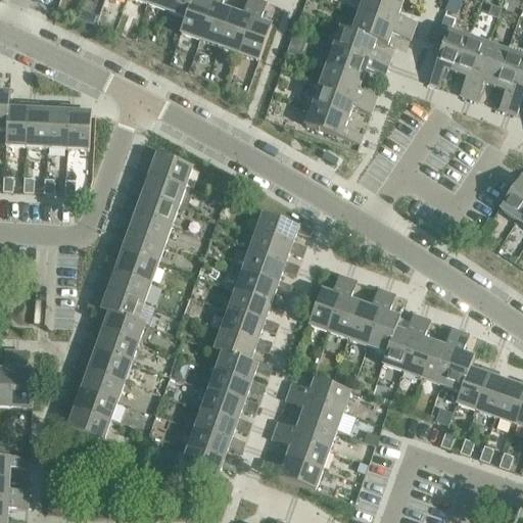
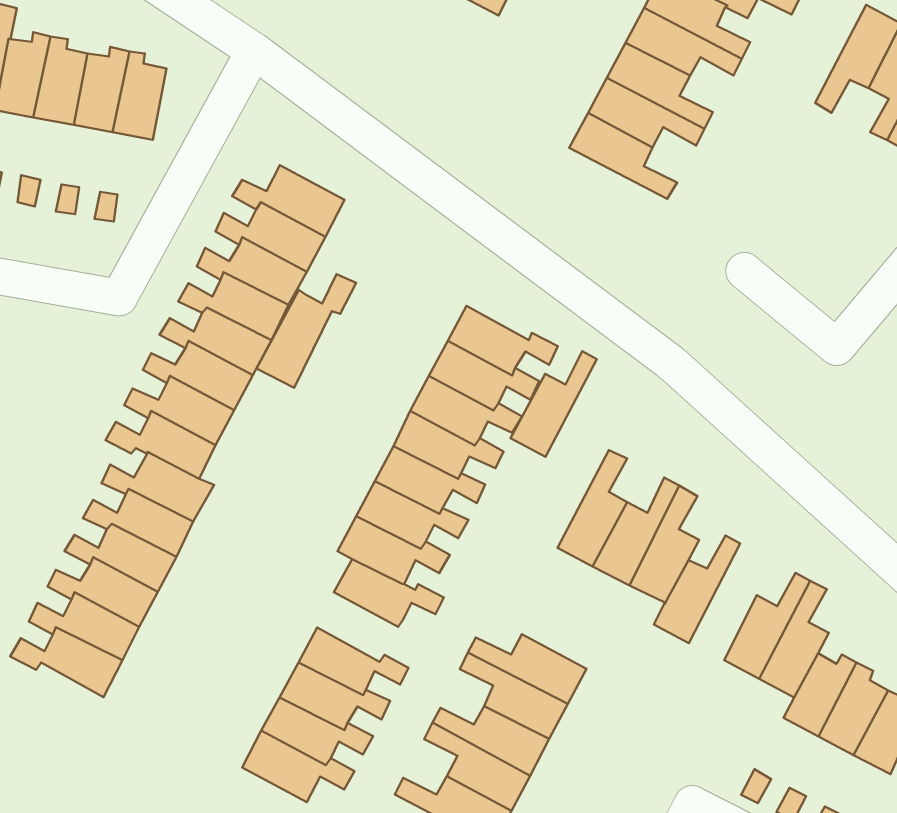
building: none -> [257,274,356,388]
building: [307,272,346,329] -> [511,351,597,457]
building: [401,314,433,375] -> none
building: [208,368,266,400] -> none

